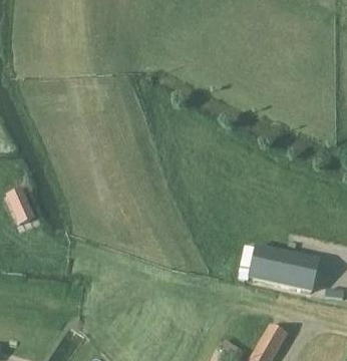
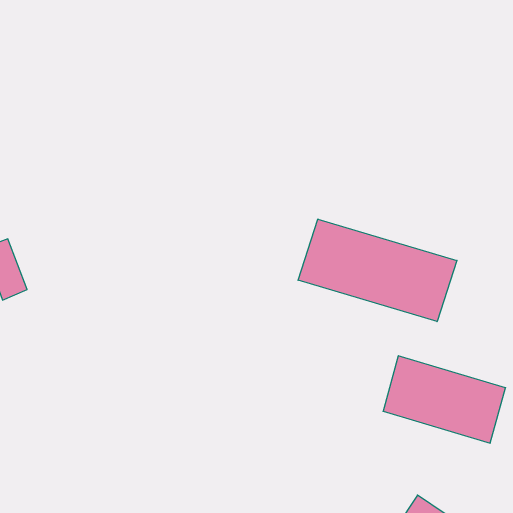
building: none -> [298,219,457,322]

